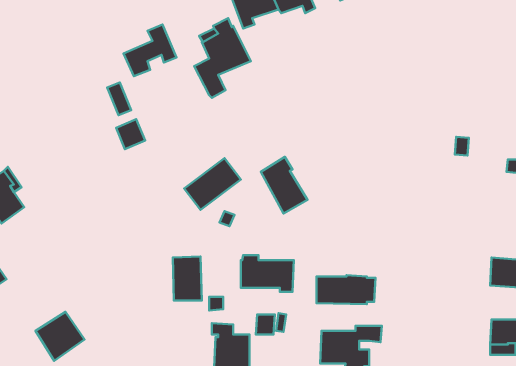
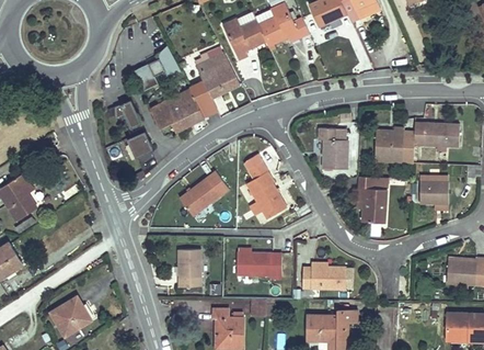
building: none -> [148,80,204,124]
building: none -> [415,114,461,138]
building: none -> [320,116,349,159]
building: none -> [378,117,404,153]
building: none -> [360,168,390,213]
building: none -> [419,171,448,196]

